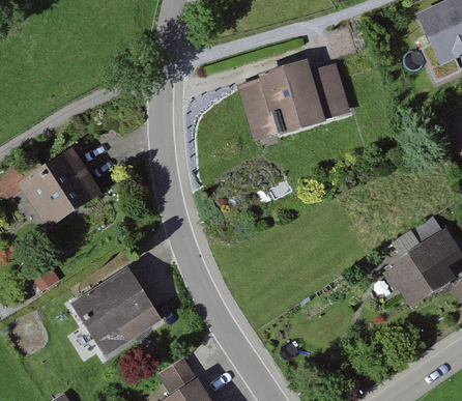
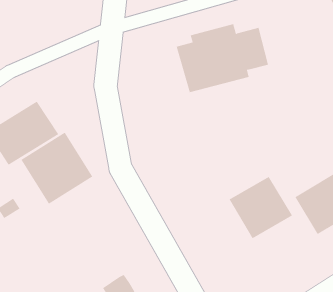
building: none -> [229,176,293,239]
building: [71,267,157,353] -> [20,132,93,205]

